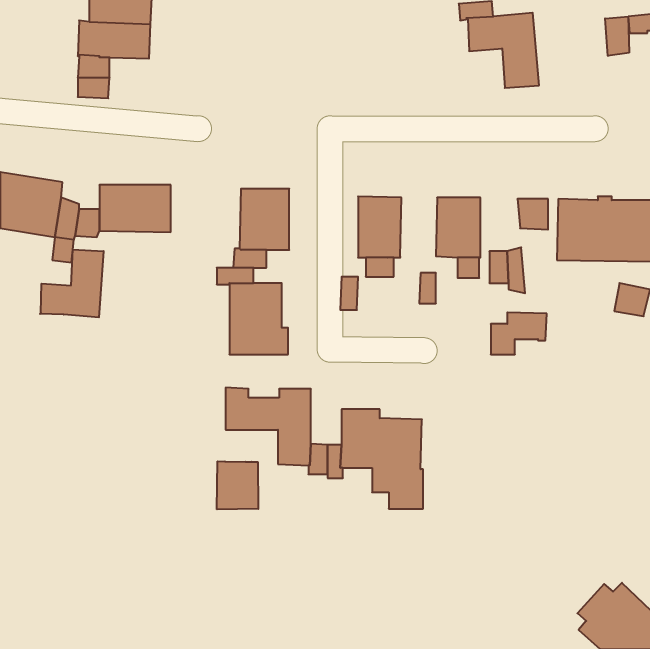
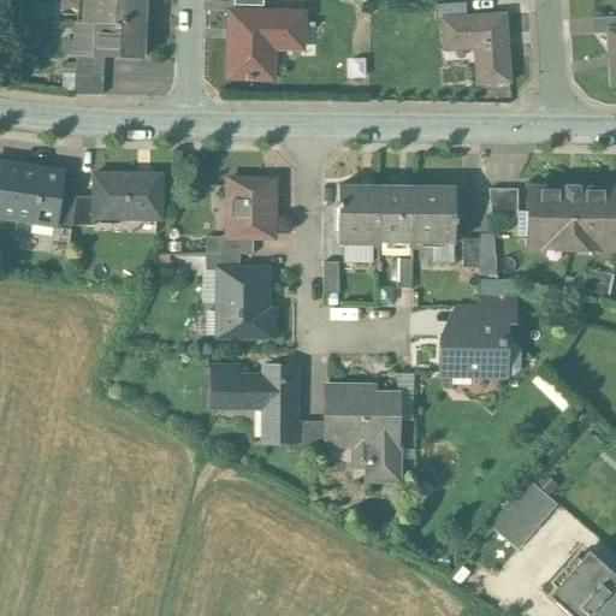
building: none -> [227,8,303,78]
building: [605,17,629,56] -> none
building: none -> [379,186,414,242]
building: [40,249,104,317] -> none
building: none -> [439,320,520,373]
building: [217,461,258,509] -> none
building: none -> [494,484,557,549]

